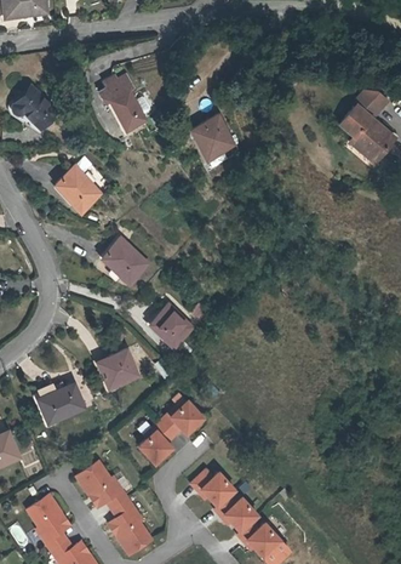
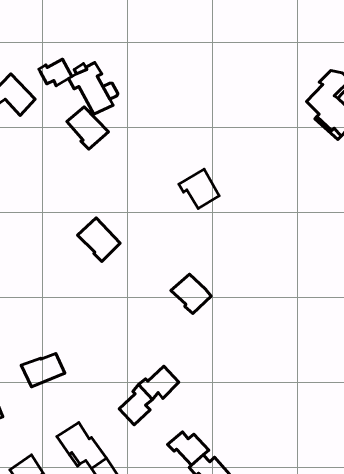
building: none -> [39,59,72,86]
building: [187,121,229,163] -> [179,169,219,208]
building: [53,172,97,217] -> [67,107,108,149]
building: [149,302,191,343] -> [171,274,211,313]
building: [98,353,136,388] -> none

